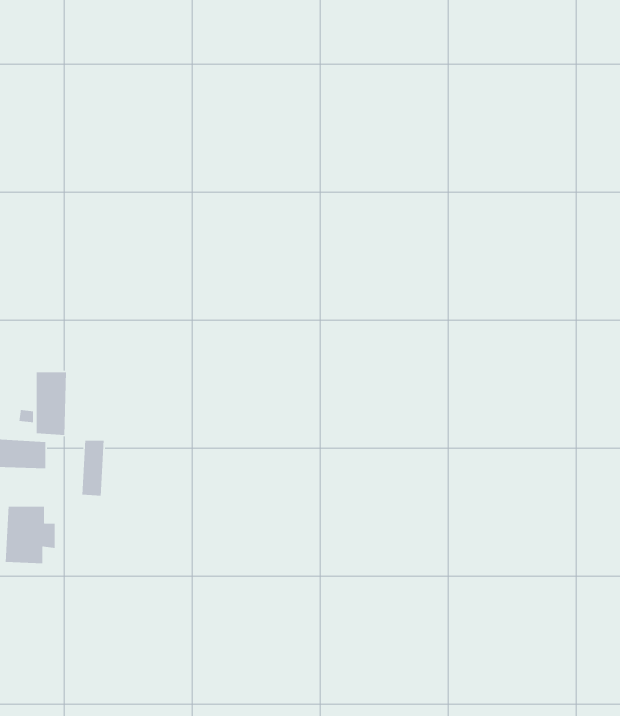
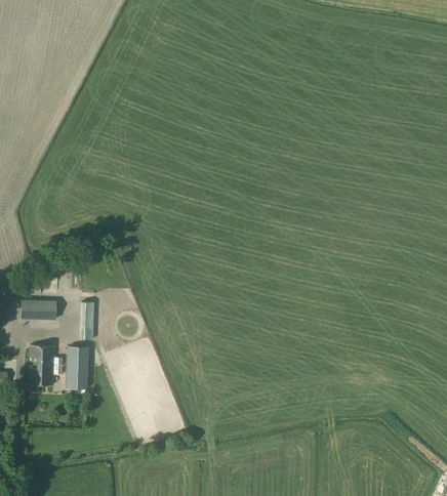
building: [36,371,67,436] -> none
building: none -> [67,346,89,388]

